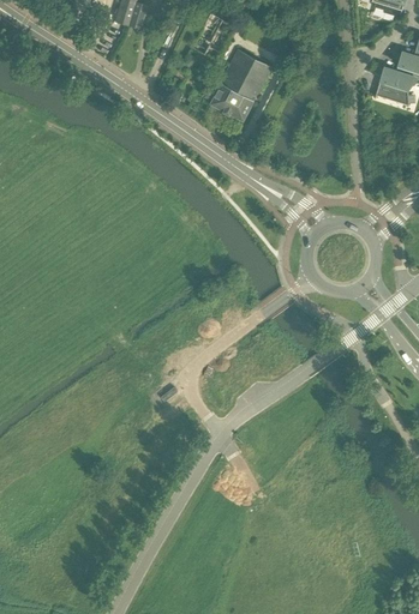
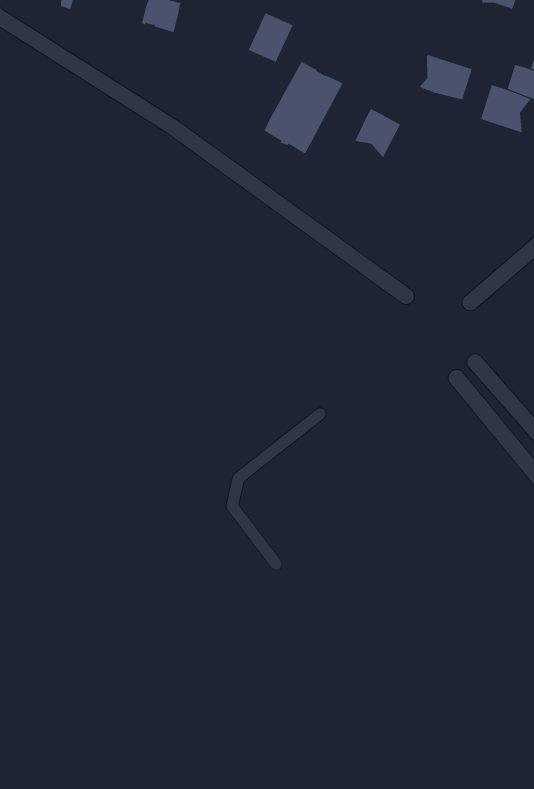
building: none -> [419,54,473,100]
building: none -> [354,108,401,158]

